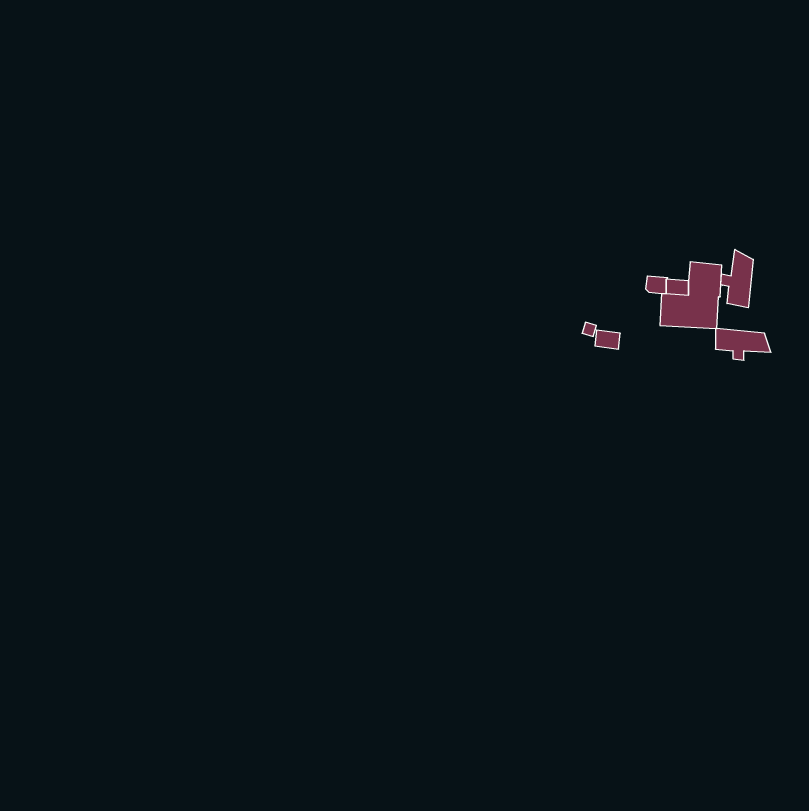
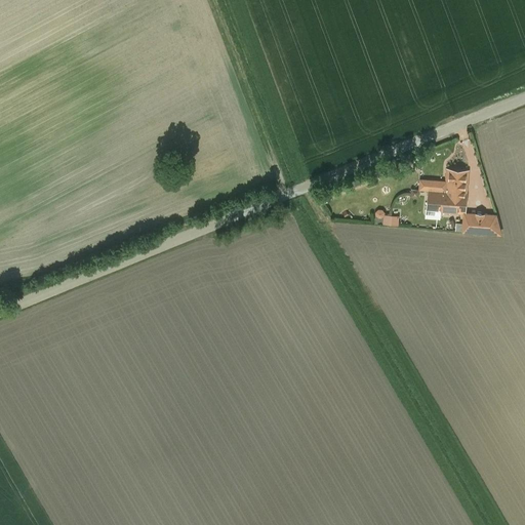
building: [721,249,753,308] -> none

